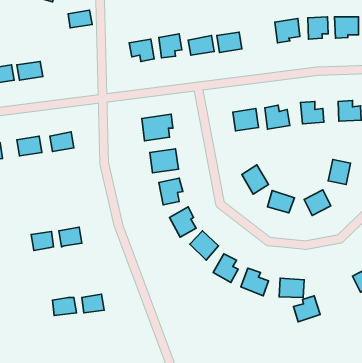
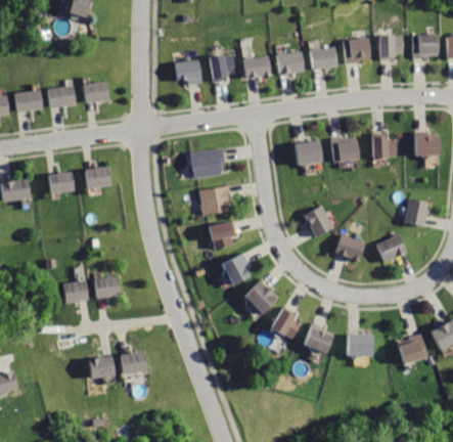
building: [68,10,92,28] -> [83,82,110,102]
building: none -> [310,46,338,70]
building: [294,296,320,322] -> [399,334,429,363]

